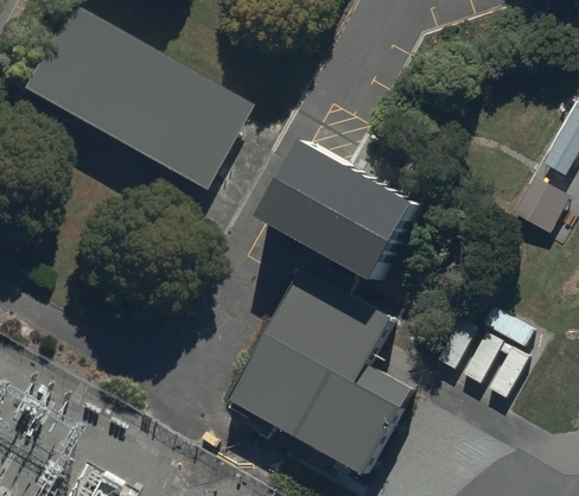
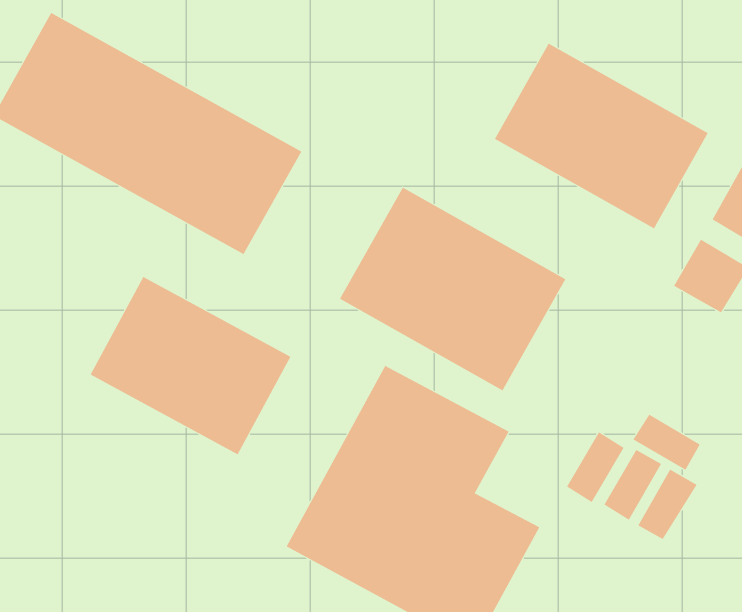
building: none -> [494,43,709,229]
building: none -> [90,276,291,455]

